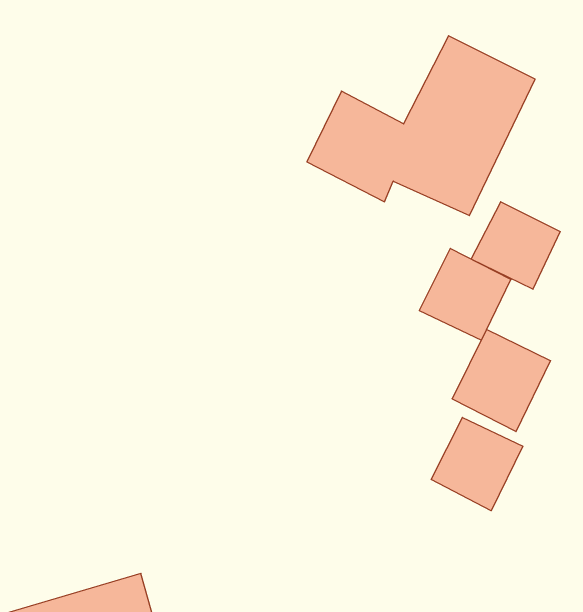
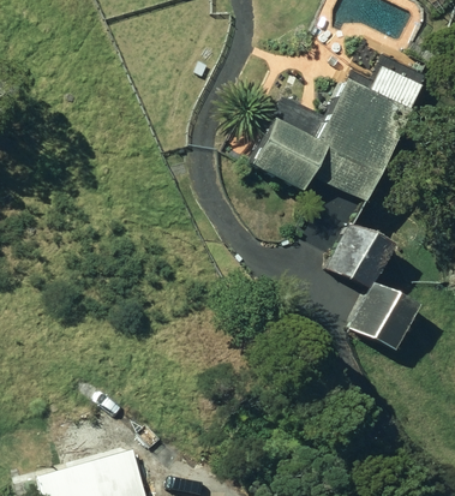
building: [471,202,560,289] -> none
building: [431,417,523,511] -> none

